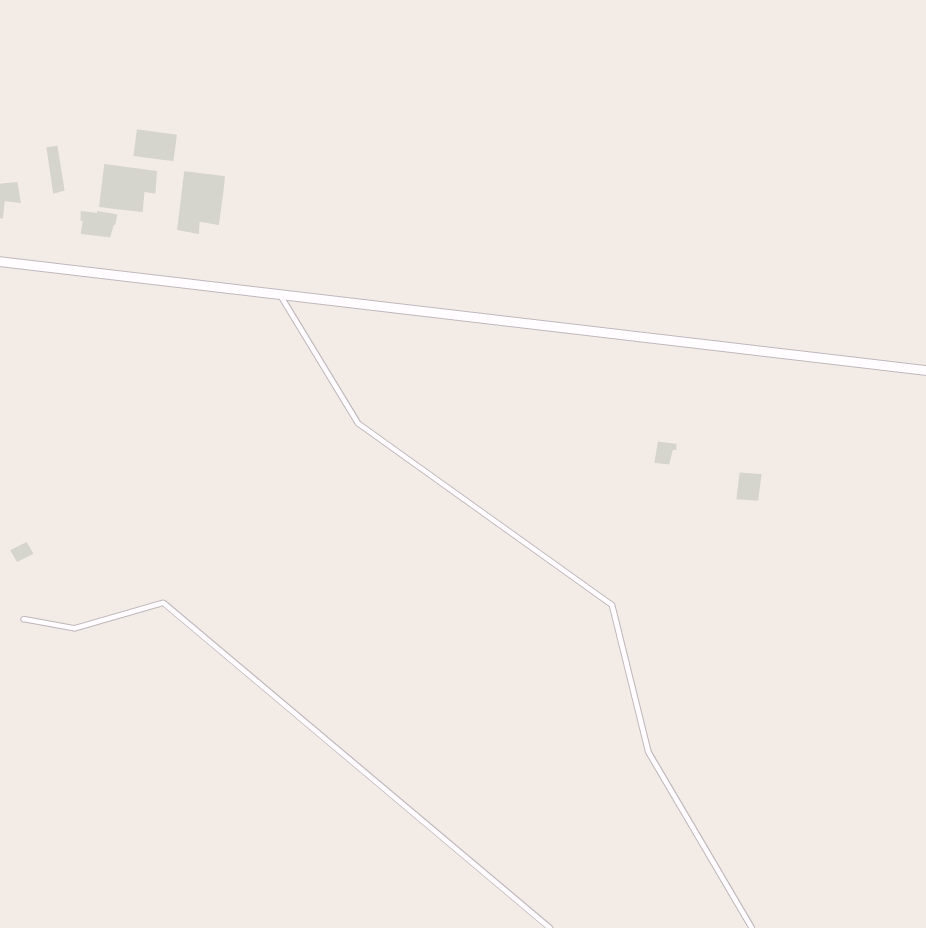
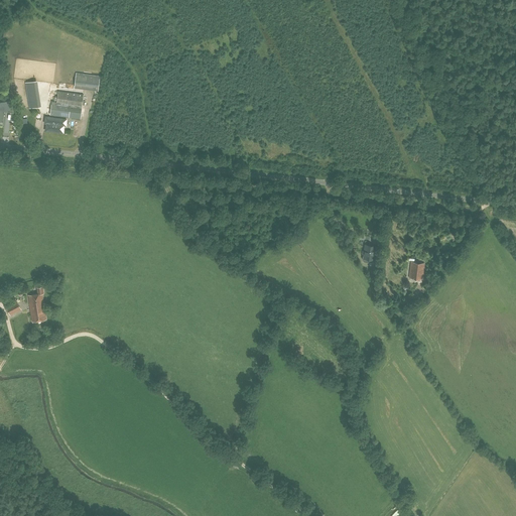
building: [177,170,226,235] -> none
building: none -> [27,286,45,321]

